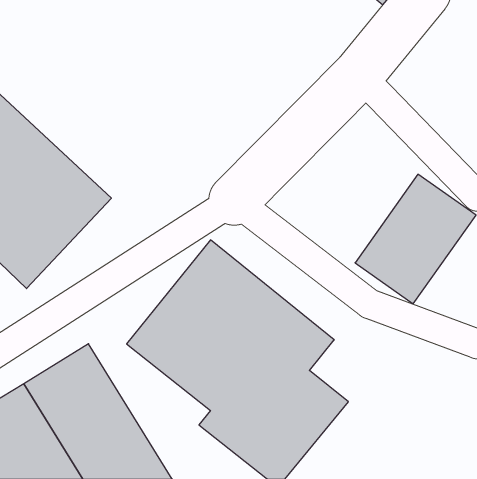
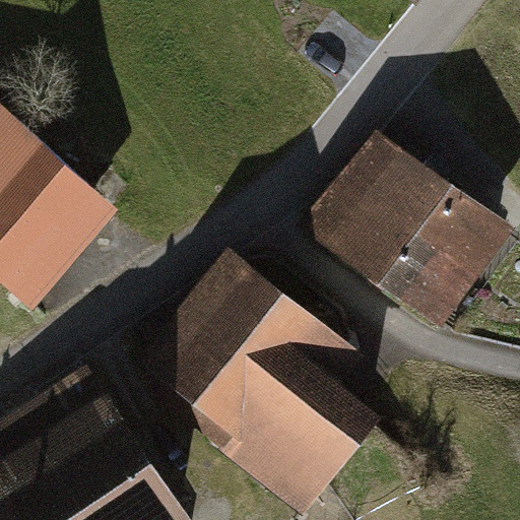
building: none -> [307,136,446,280]

